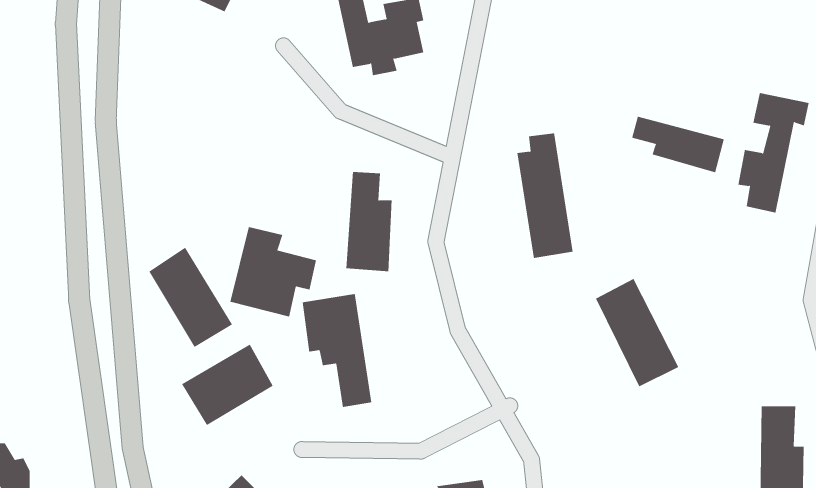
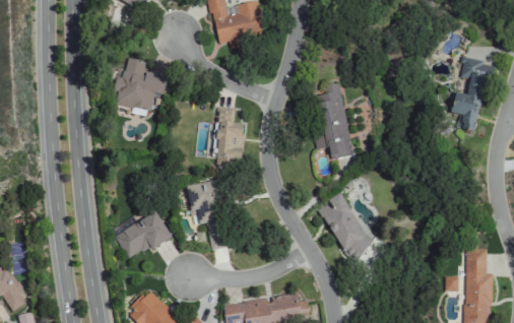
building: [631,116,724,173] -> none
building: [230,227,317,317] -> [114,56,167,111]
building: [148,247,233,348] -> none
building: [595,278,679,387] -> [320,194,371,260]

